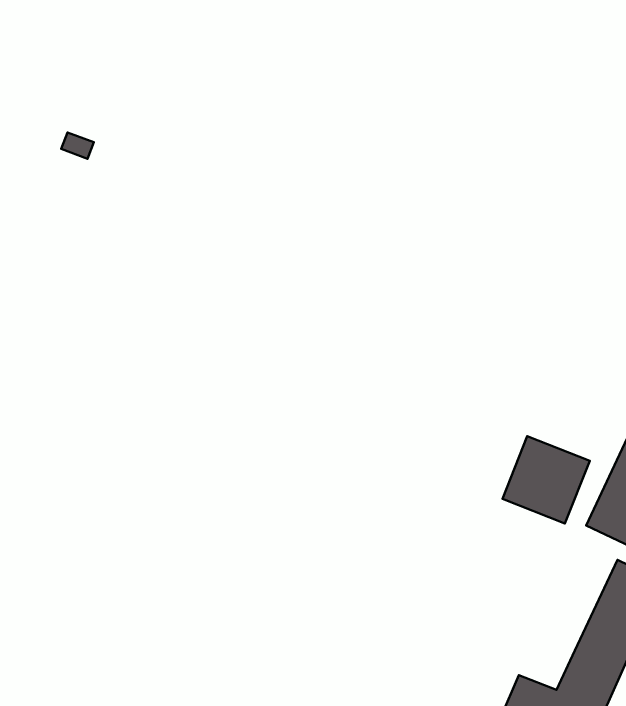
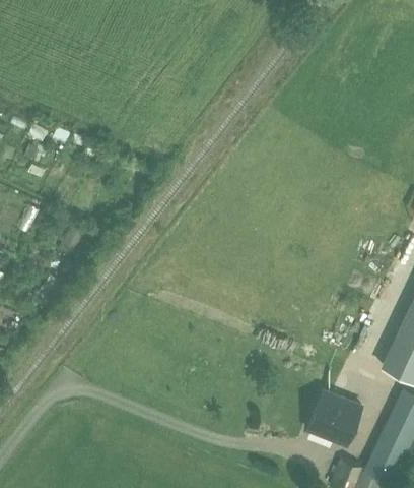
building: [502,436,590,523] -> [307,393,361,447]

